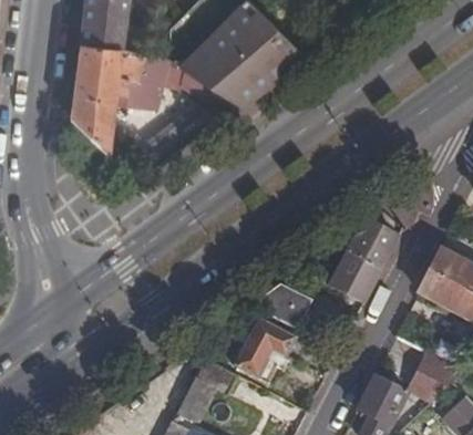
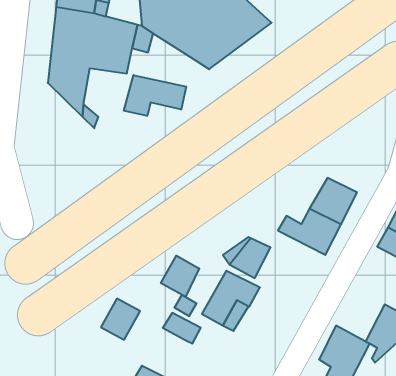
building: none -> [124,75,186,116]
building: none -> [161,256,199,297]
building: [177,376,218,420] -> [101,299,140,340]

